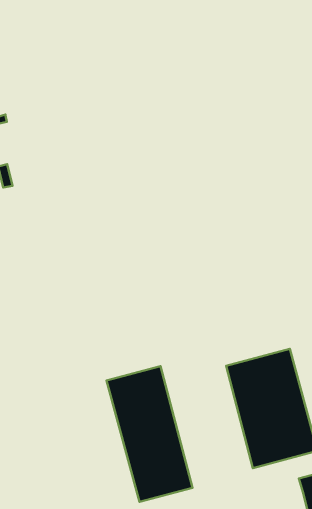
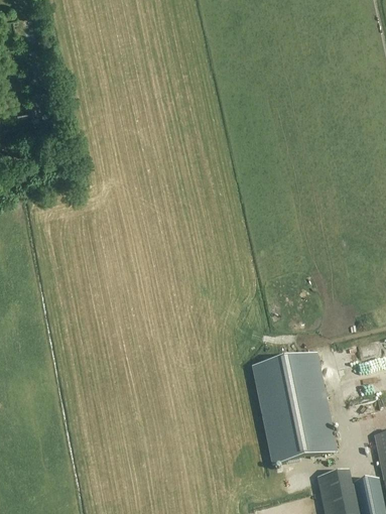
building: [107,366,192,502] -> none

